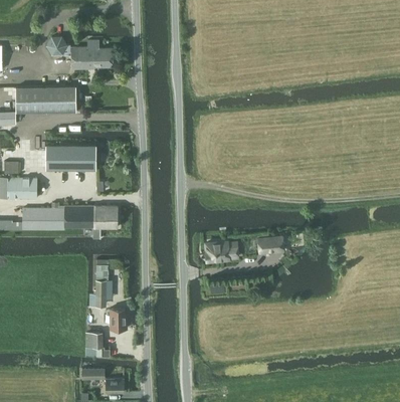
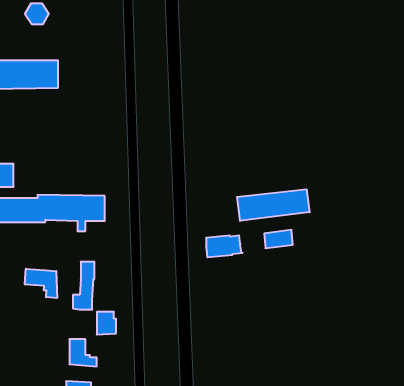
building: [70,39,112,68] -> none
building: [45,145,95,169] -> none
building: none -> [237,189,310,221]
building: none -> [25,269,57,298]

